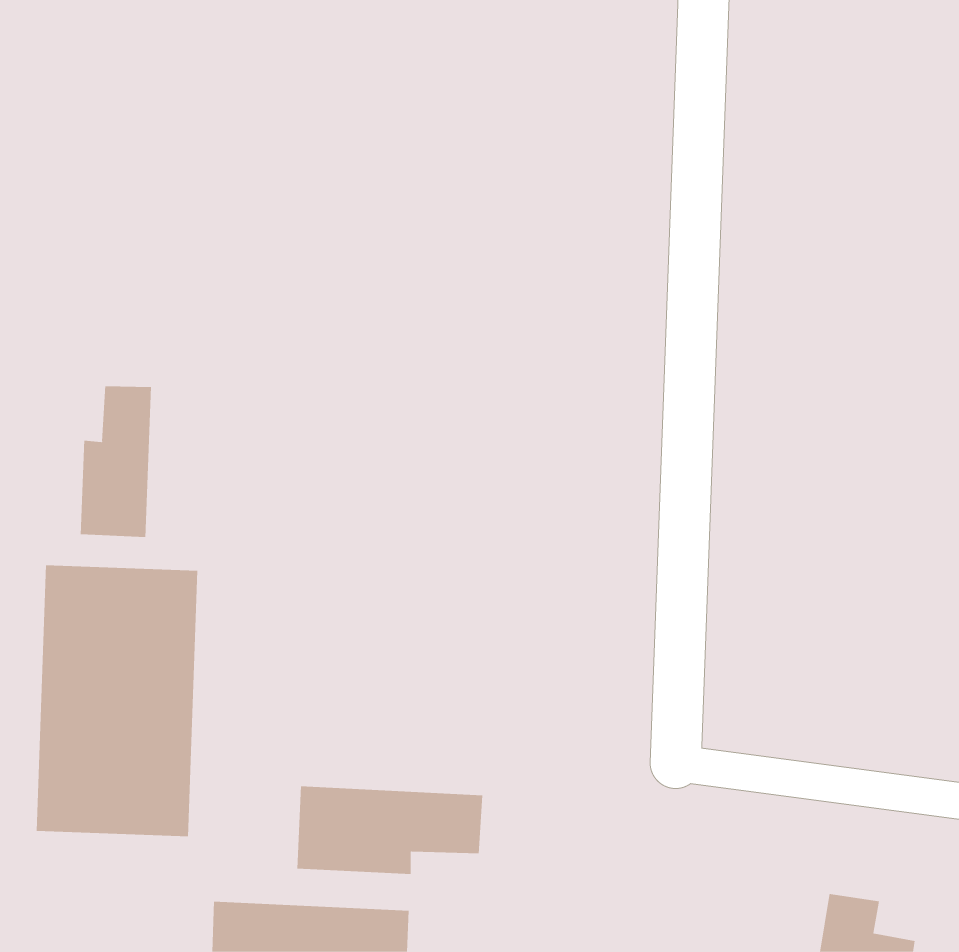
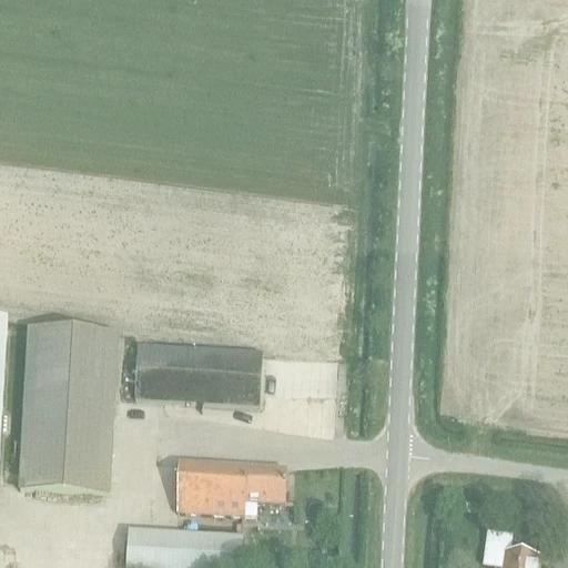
building: [80,386,151,538] -> none
building: none -> [133,343,260,400]

